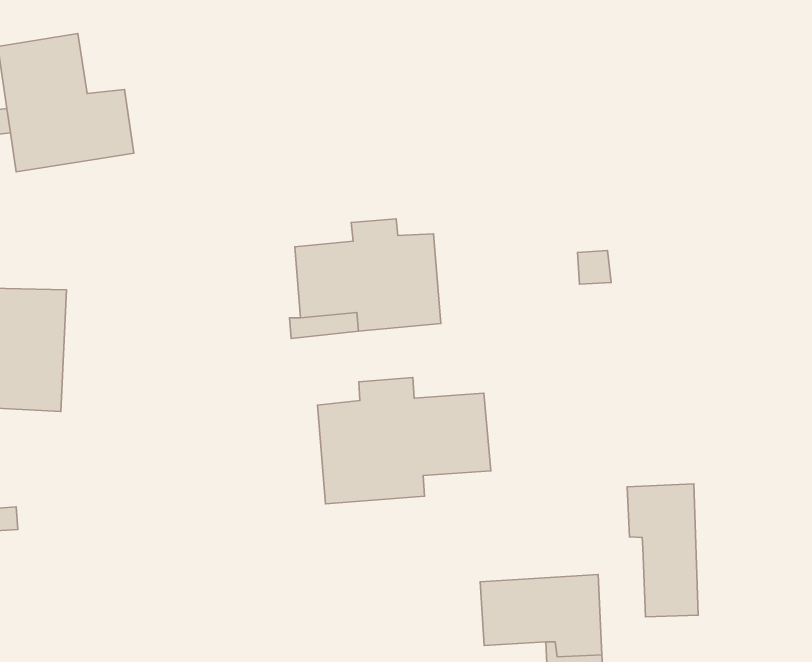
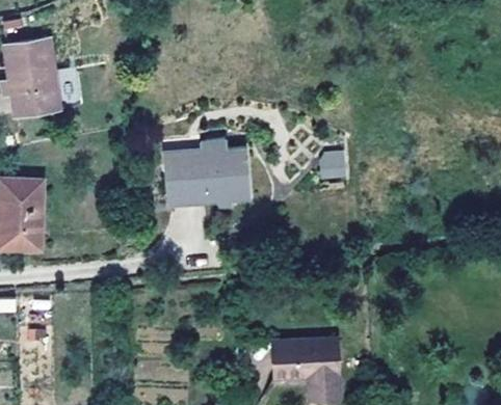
building: [317,377,491,504] -> none
building: [627,484,698,617] -> none

